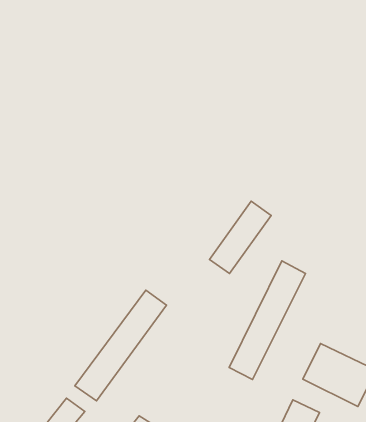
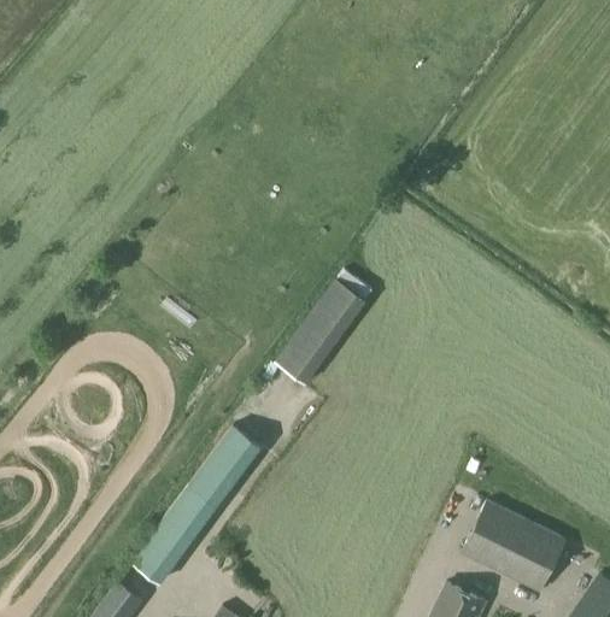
building: [209,201,271,274] -> [276,276,365,381]
building: [229,261,305,379] -> none

